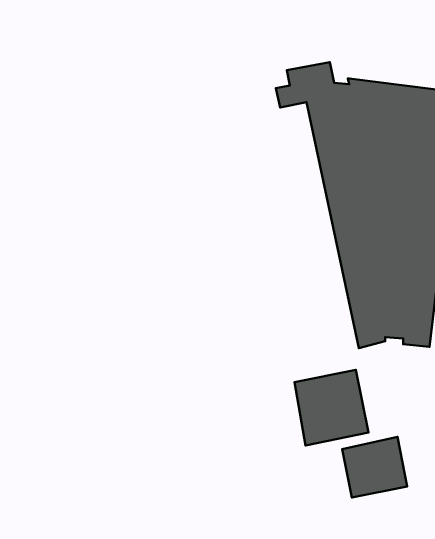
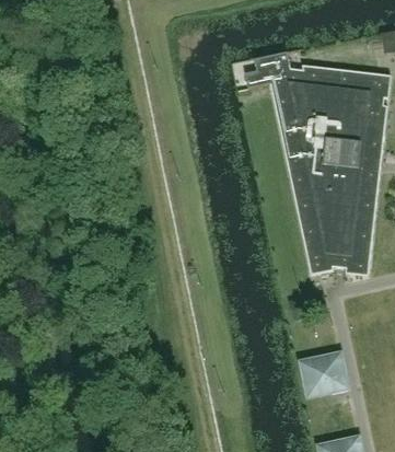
building: [295,370,368,445] -> none

